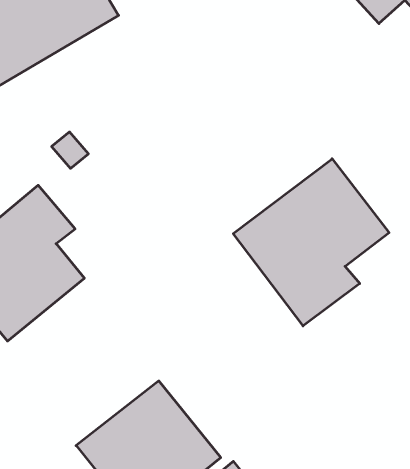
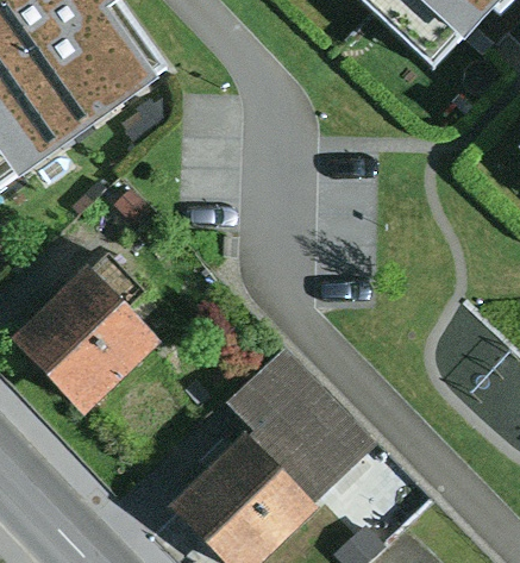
building: [233,159,389,326] -> none
building: none -> [227,348,375,498]

